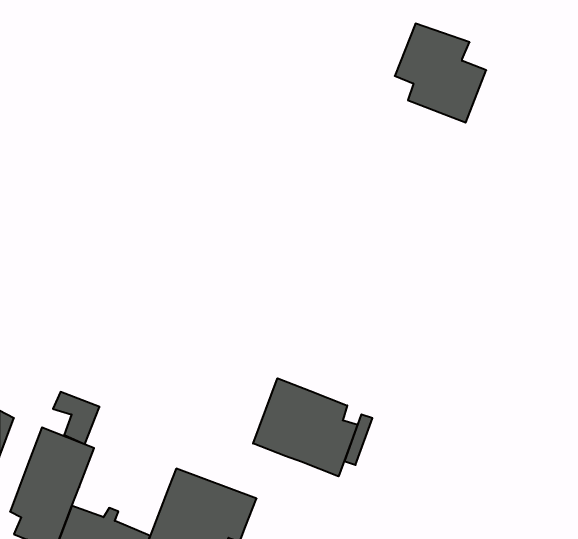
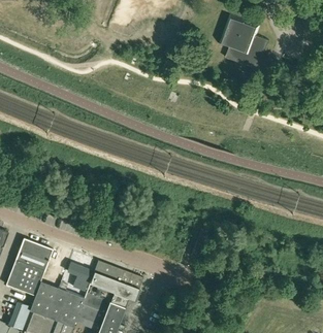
building: [253,378,357,476] -> none
building: [53,392,100,444] -> [67,263,93,292]

